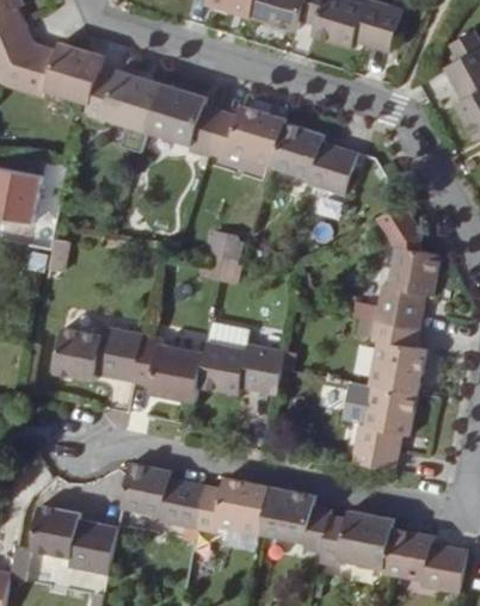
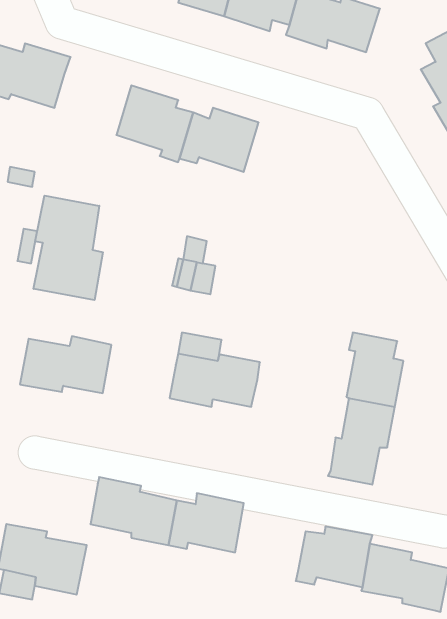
building: [85,72,162,132] -> none
building: [271,124,358,196] -> none
building: none -> [34,196,103,300]
building: [376,204,442,332] -> none
building: [135,335,205,402] -> none
building: [263,488,331,552] -> none

